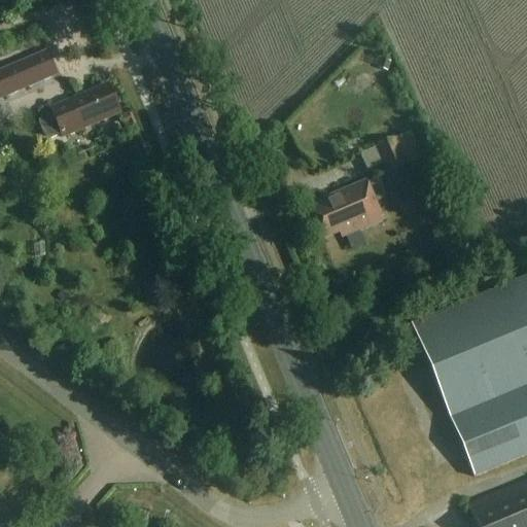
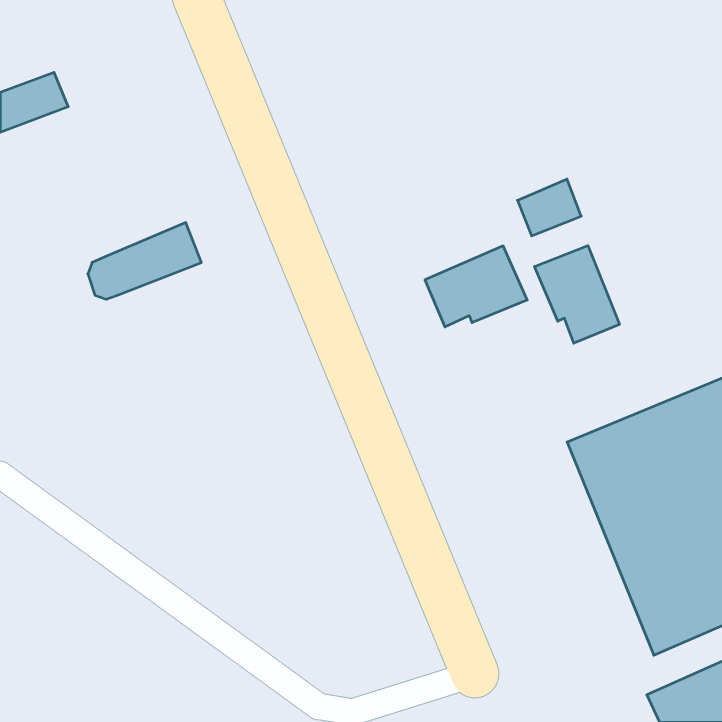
building: [41,81,124,137] -> [88,223,201,299]
building: none -> [535,246,619,343]

